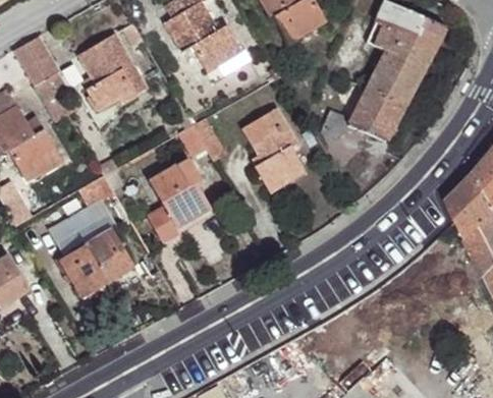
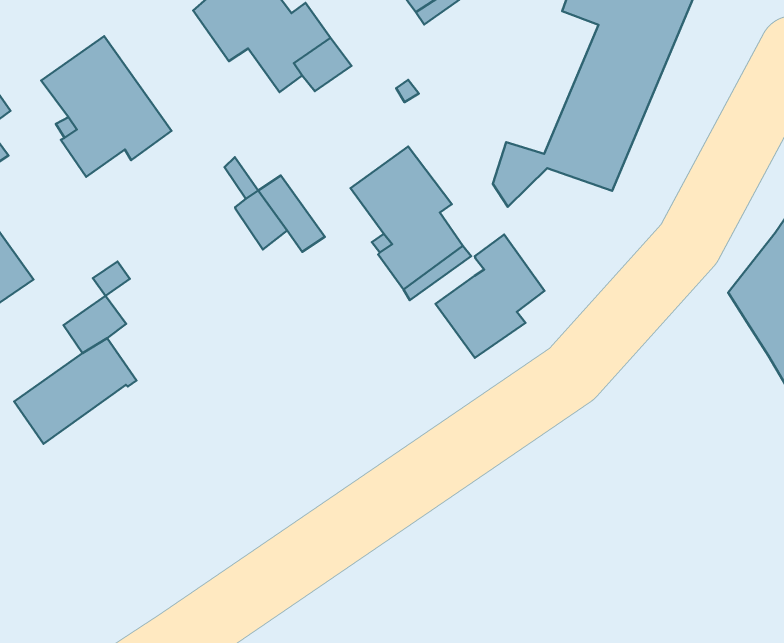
building: [147,158,211,242] -> none
building: none -> [435,235,544,358]
building: [57,226,133,298] -> none

